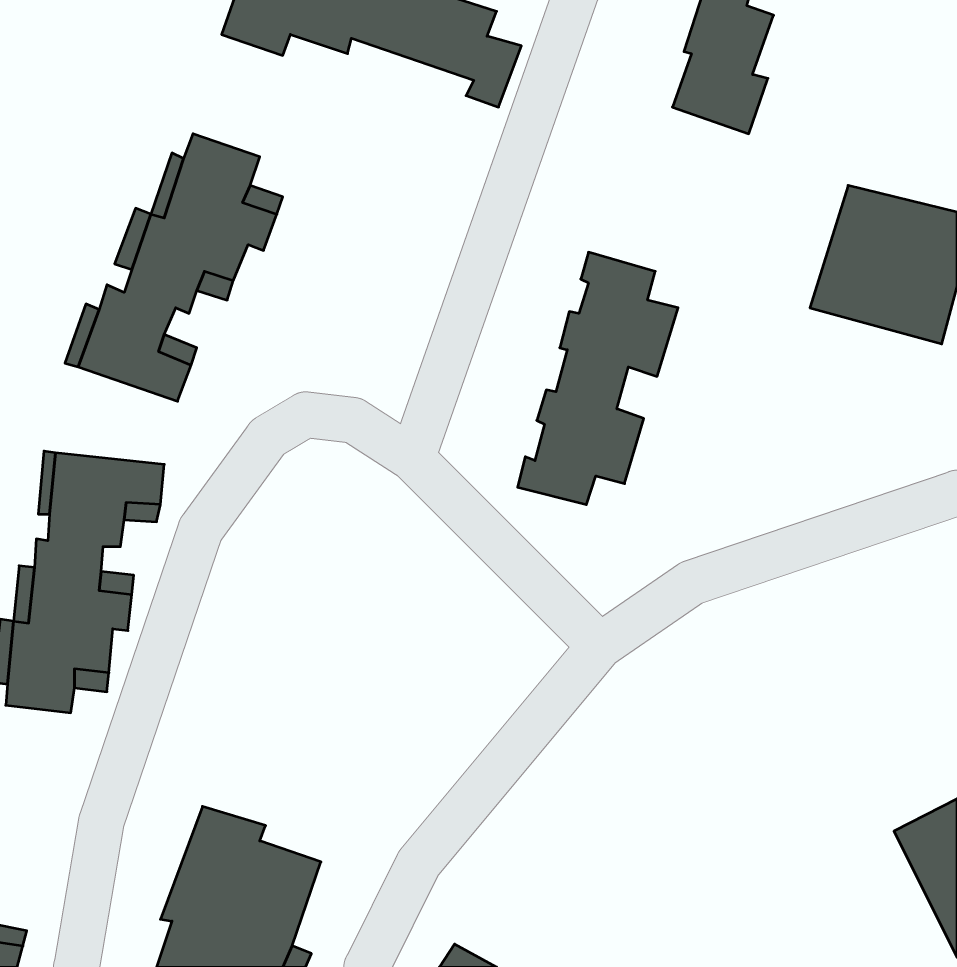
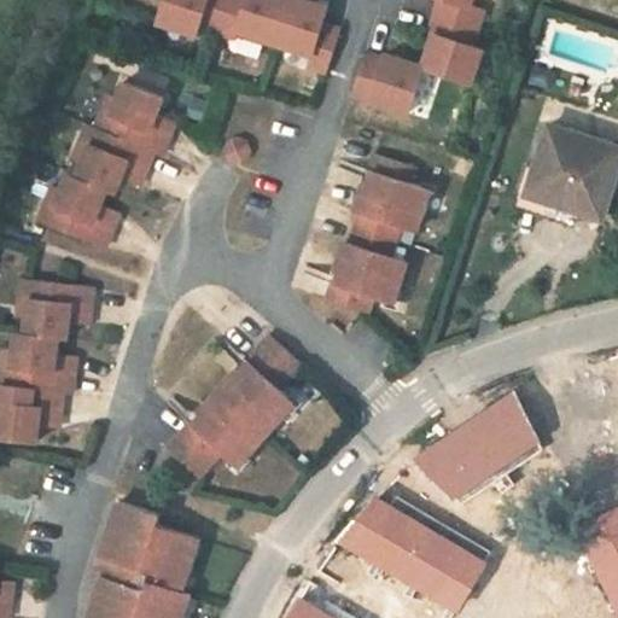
building: none -> [355,54,425,115]
building: none -> [159,331,288,472]
building: none -> [406,387,525,495]
building: none -> [330,496,471,601]

